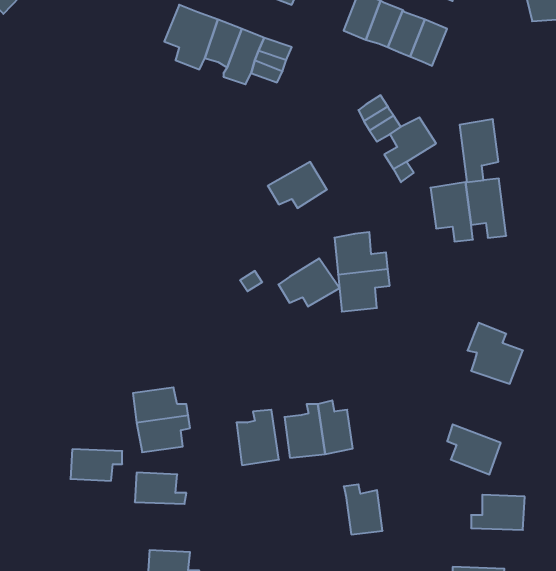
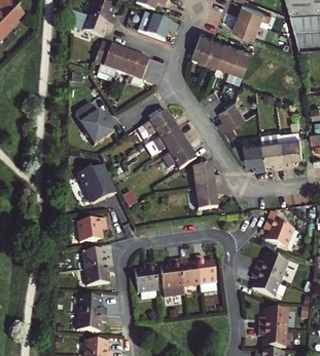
building: [460,119,498,182] -> [279,132,300,167]
building: none -> [73,103,111,145]
building: none -> [136,110,174,143]
building: none -> [75,165,114,204]
building: [278,258,339,307] -> [161,142,194,168]
building: none -> [74,220,104,243]
building: none -> [253,258,286,282]
building: [70,449,122,481] -> [75,315,104,332]
building: [344,484,383,534] -> [193,258,215,285]
building: none -> [262,329,292,348]

